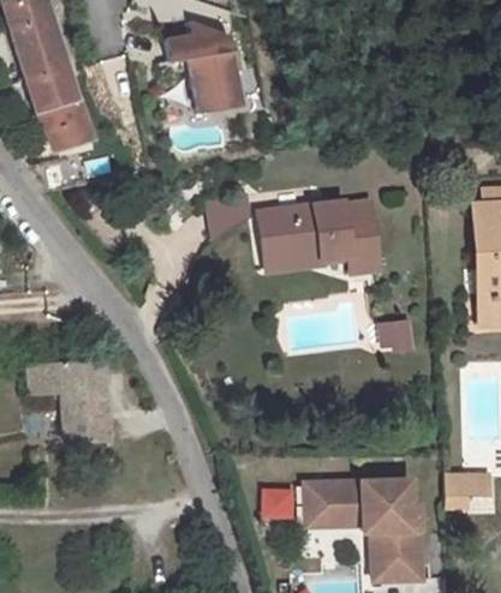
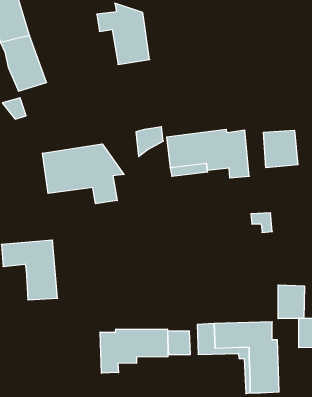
building: none -> [264,130,298,168]
building: none -> [43,144,124,204]
building: none -> [278,285,304,319]
building: none -> [100,329,168,373]

